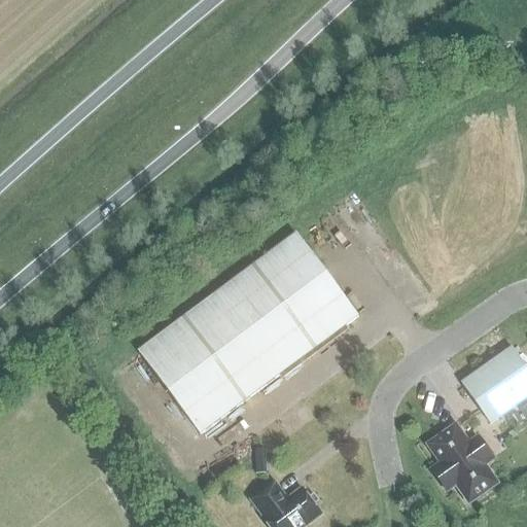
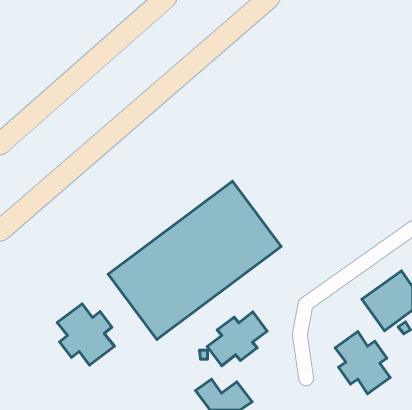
building: none -> [57,304,115,365]
building: none -> [207,312,267,366]

